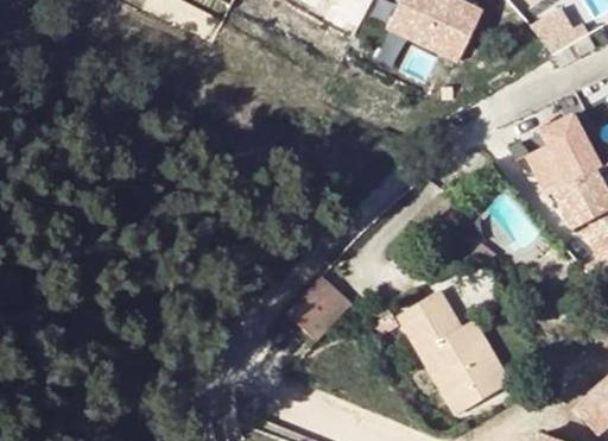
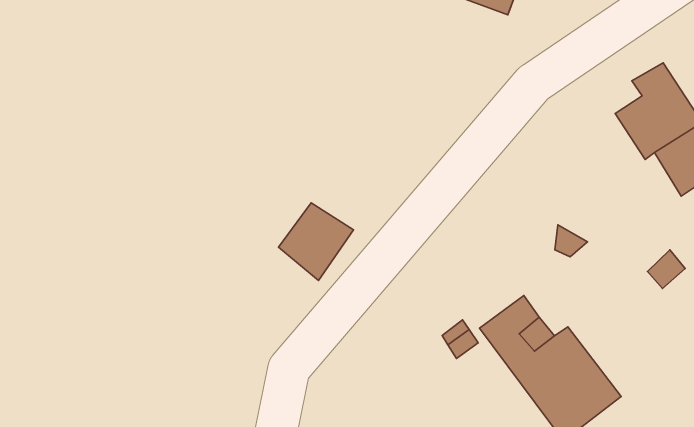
building: [289,279,352,344] -> [278,203,354,281]

